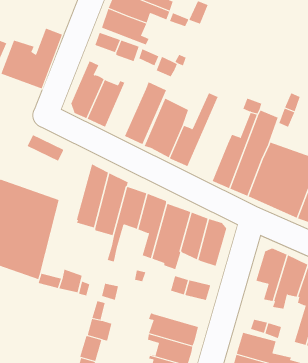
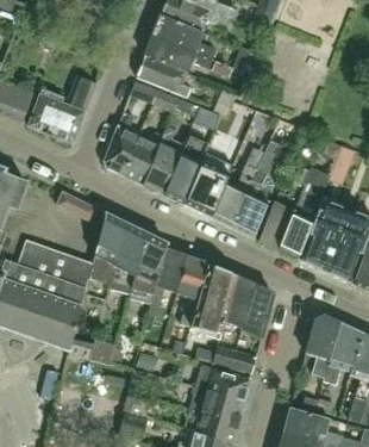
building: none -> [143,126,186,193]
building: none -> [232,138,283,236]
building: none -> [89,213,127,284]
building: none -> [195,364,250,401]

